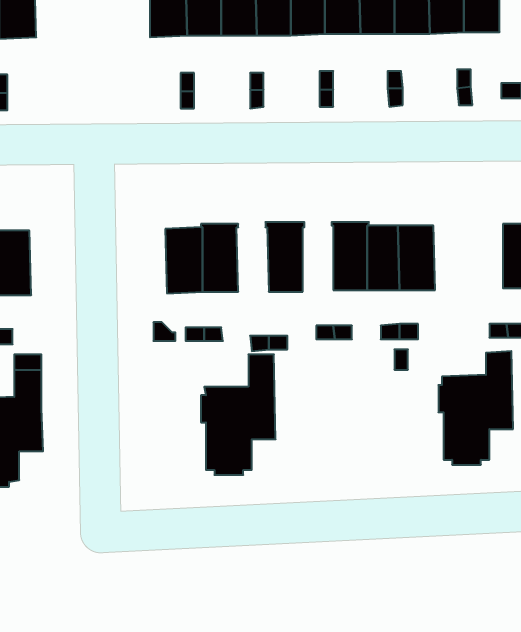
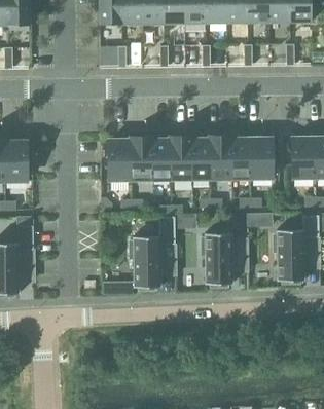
building: none -> [292,138,313,177]
building: none -> [191,139,210,179]
building: none -> [151,140,171,179]
building: none -> [202,233,247,287]

